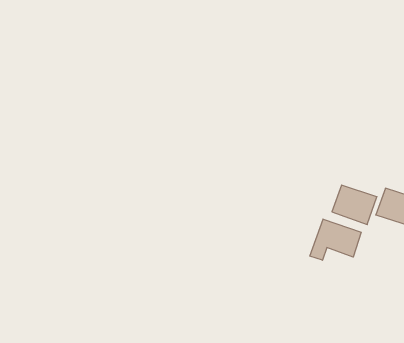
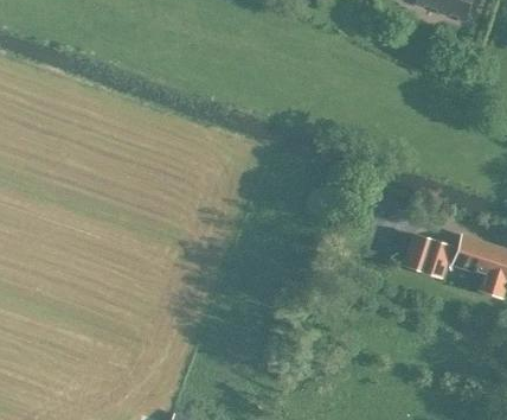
building: [310,219,361,260] -> none

